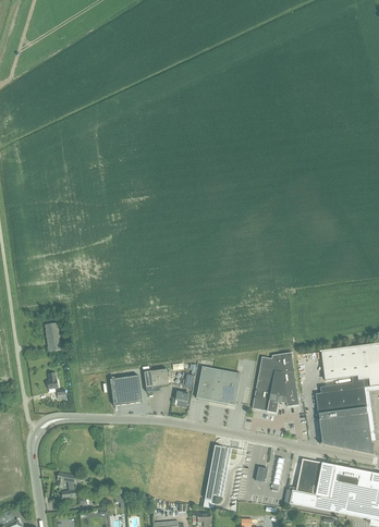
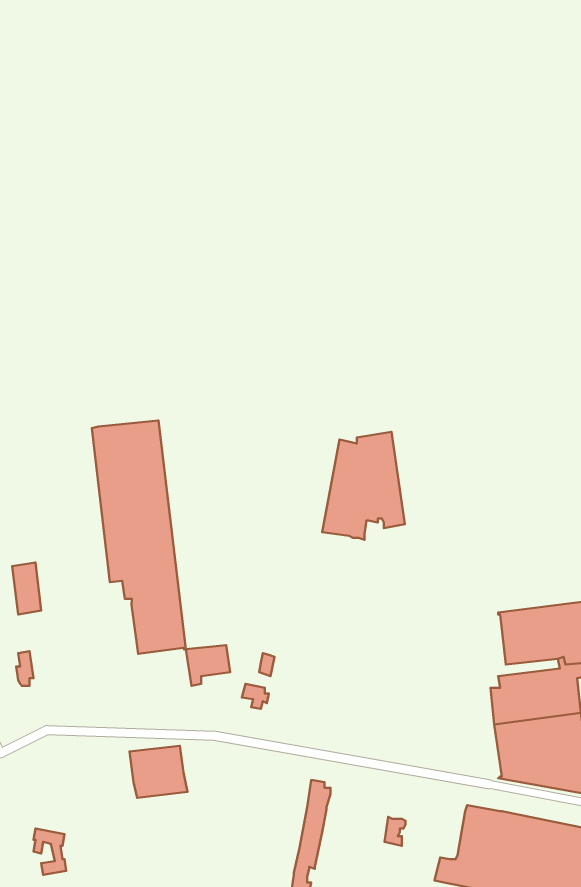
building: none -> [92,421,186,654]
building: [253,351,299,412] -> [322,432,405,540]
building: [196,365,242,404] -> none
building: [110,375,143,404] -> [130,746,187,798]

